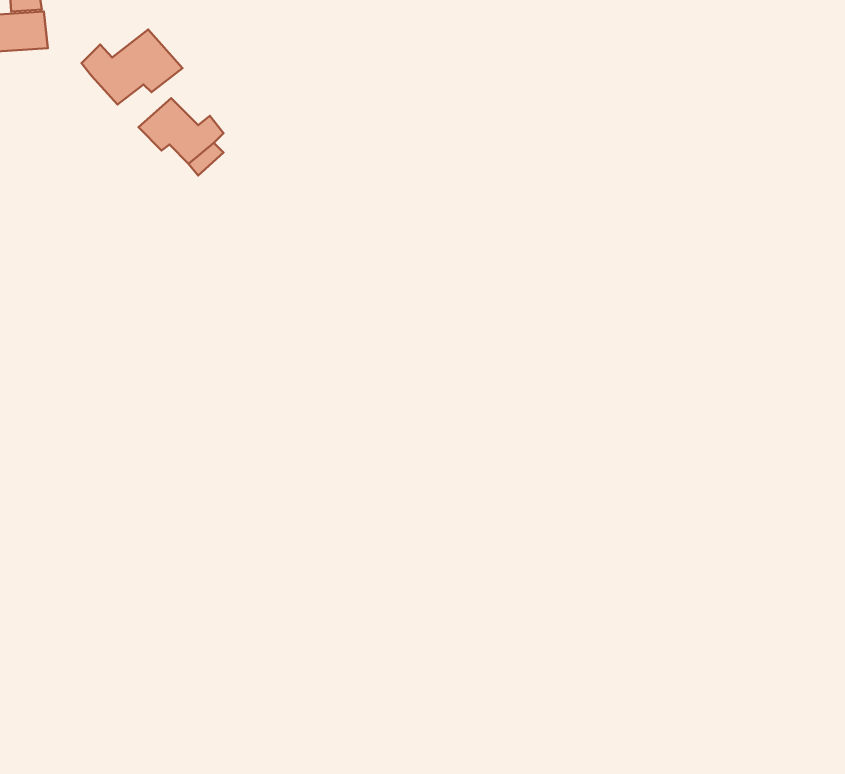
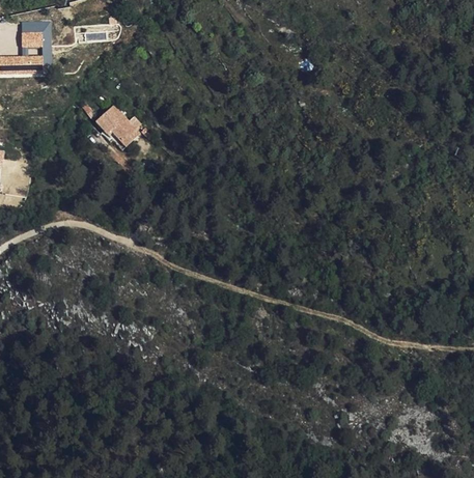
building: [81,30,182,104] -> none

